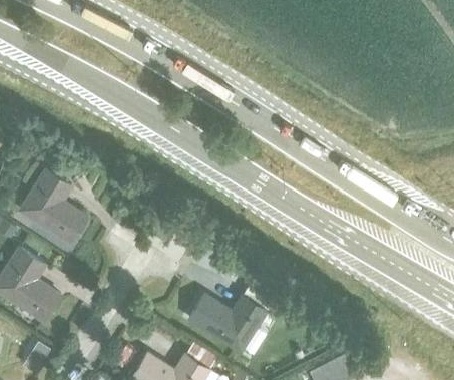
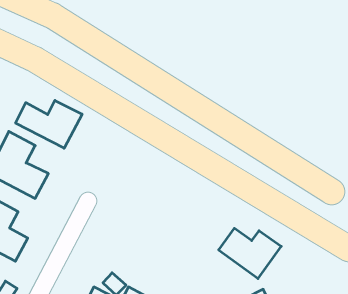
building: none -> [16,100,82,148]
building: [189,291,266,352] -> [219,228,281,279]

